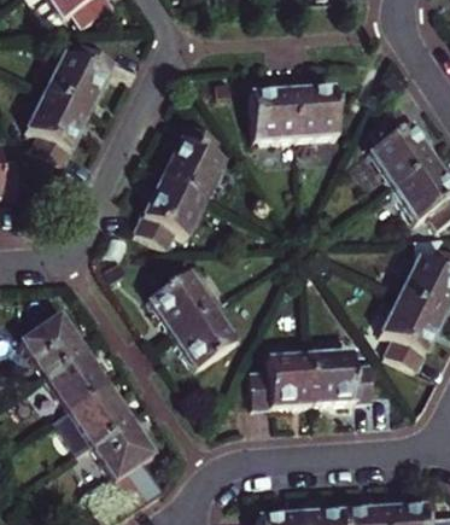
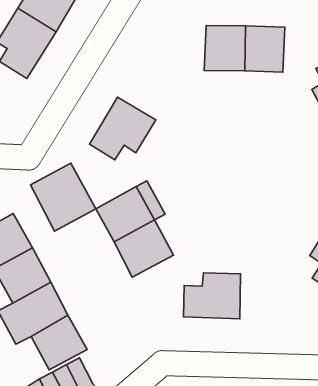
building: [160,123,223,198] -> none
building: none -> [30,163,96,231]
building: [310,351,373,403] -> none

